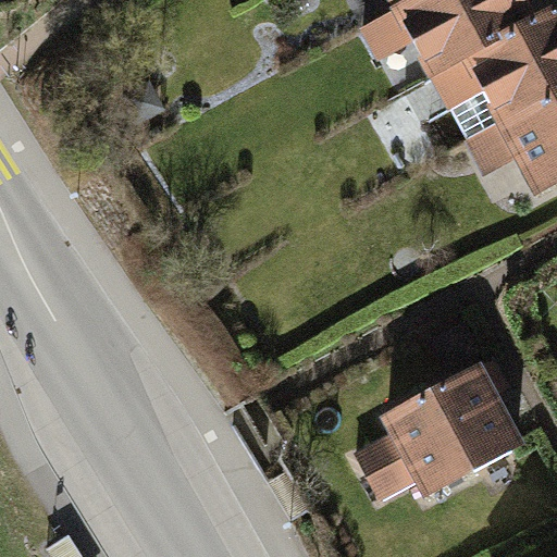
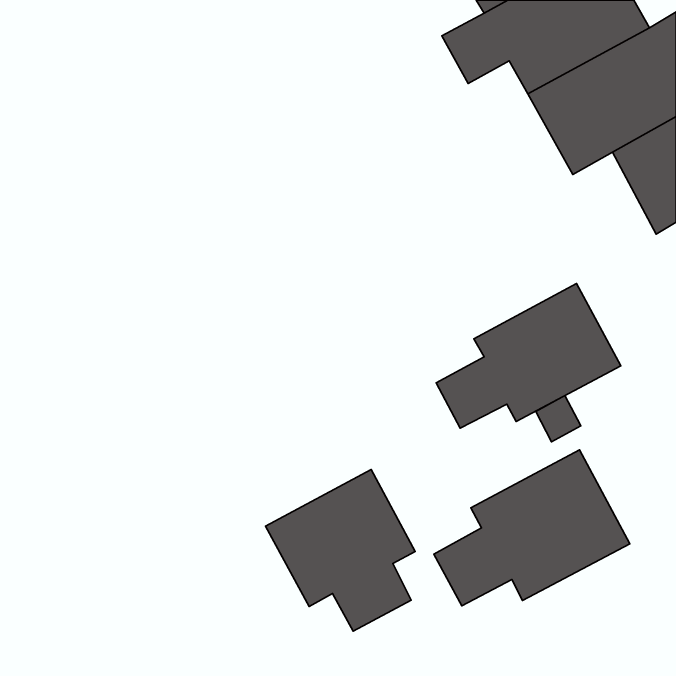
building: none -> [436,283,621,428]
building: none -> [266,470,415,631]

